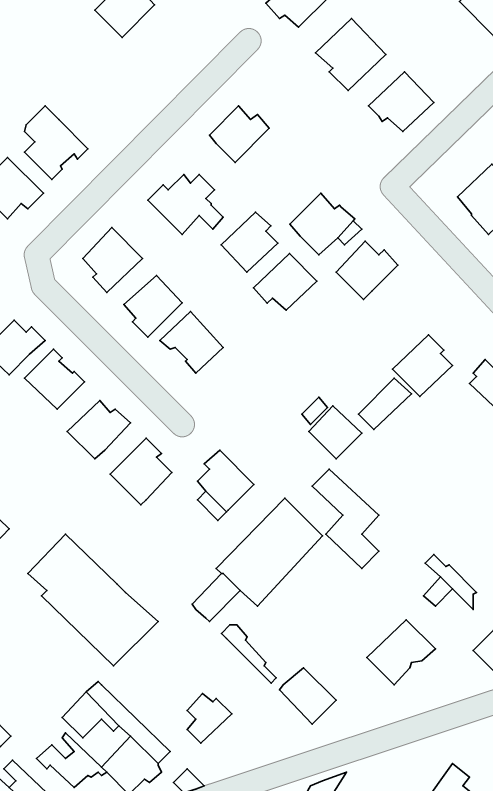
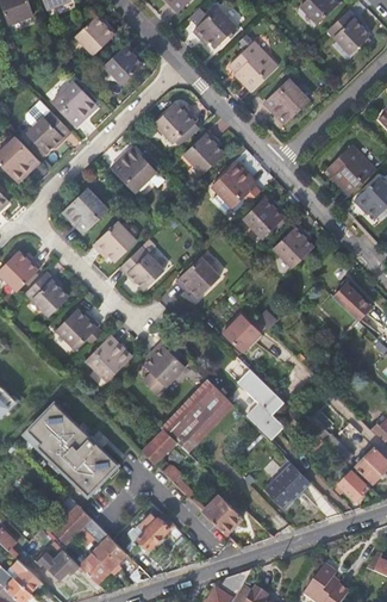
building: none -> [105,44,144,86]
building: none -> [51,82,93,128]
building: [221,212,278,272] -> [183,131,223,173]
building: [254,254,317,310] -> [177,256,221,296]
building: [392,335,452,396] -> [271,224,313,267]

